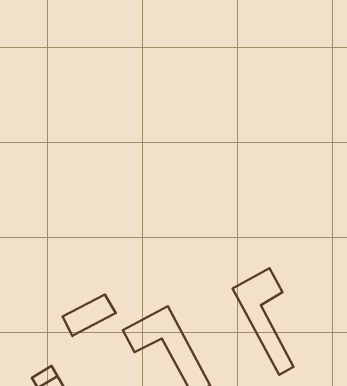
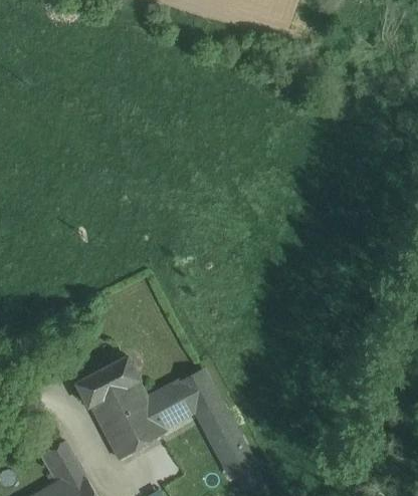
building: [233,268,294,375] -> none
building: none -> [90,381,167,460]

